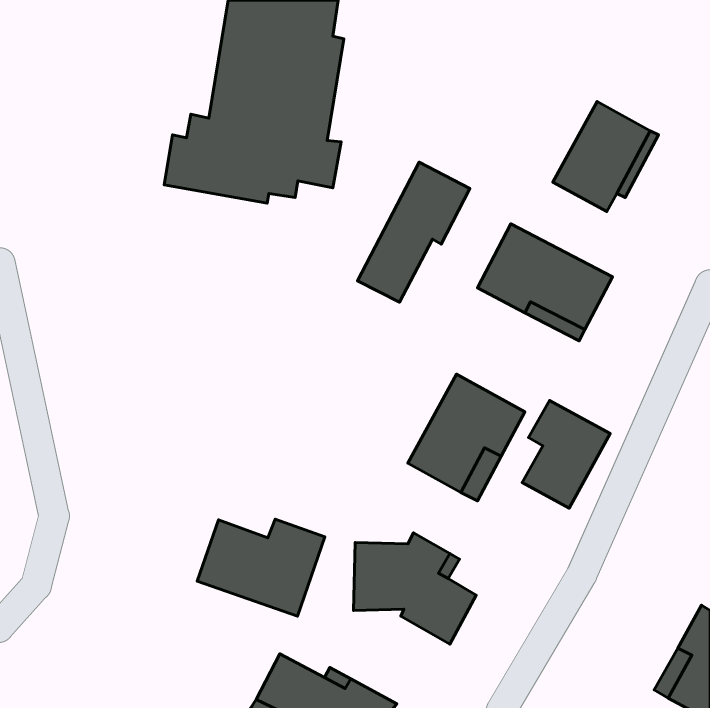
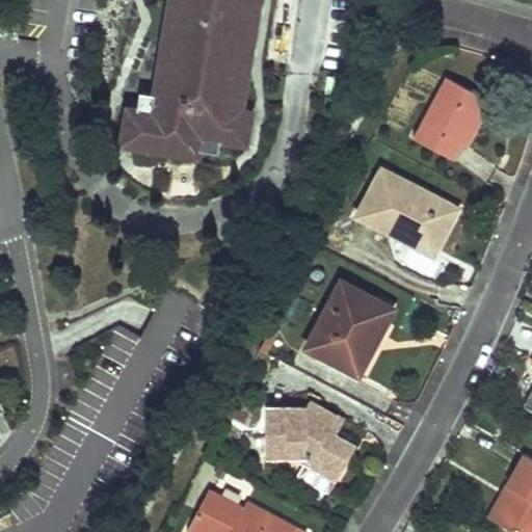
building: [357,162,470,302] -> none
building: [522,401,610,508] -> none
building: [197,519,325,616] -> none

